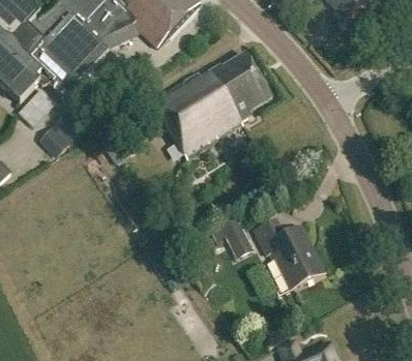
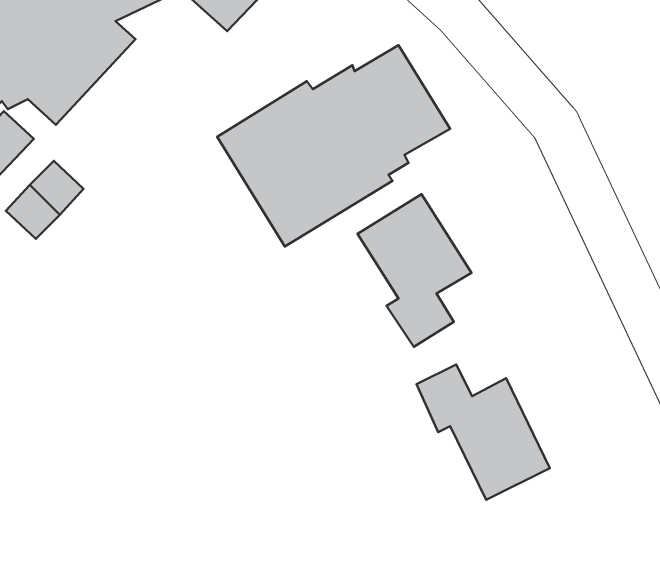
building: none -> [357,194,471,347]
building: [219,214,251,251] -> none

